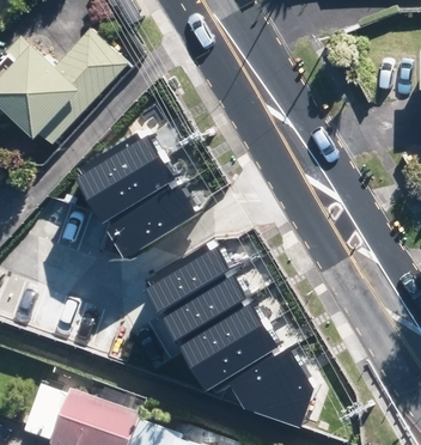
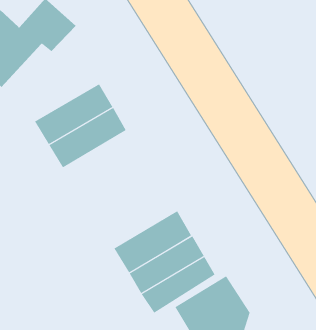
building: [105,182,193,252] -> none
building: [145,243,232,312] -> none

